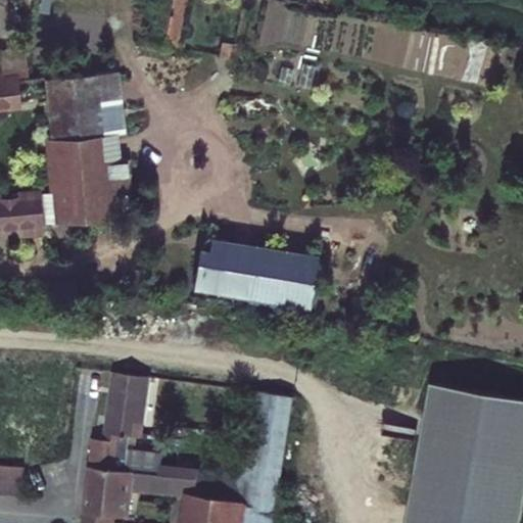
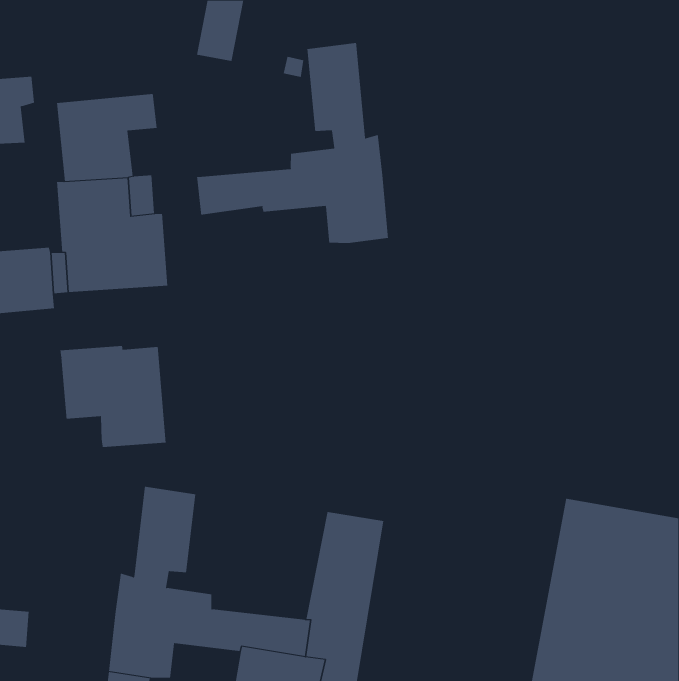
building: none -> [196,42,389,244]
building: [98,99,125,136] -> none
building: [192,239,318,311] -> none
building: none -> [60,345,166,448]

